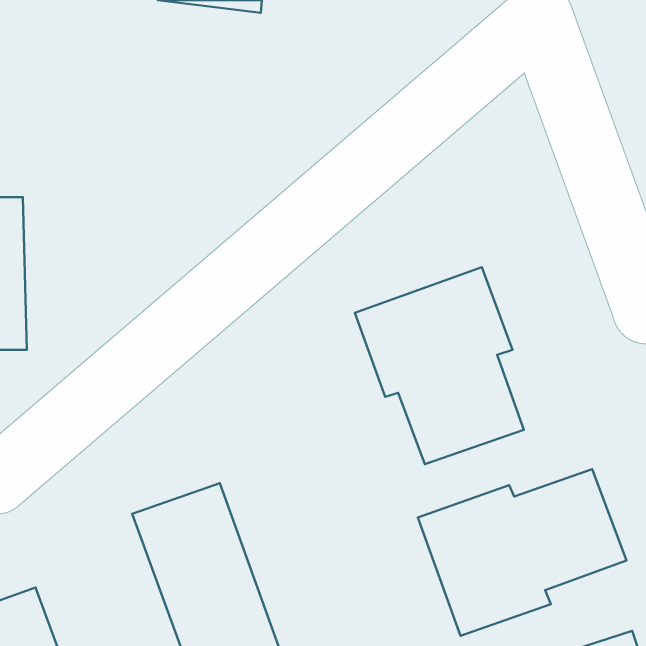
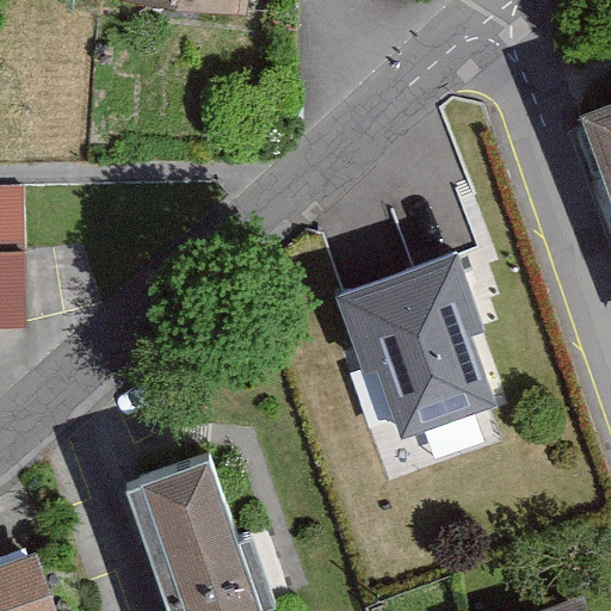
building: [418,469,626,636] -> none

